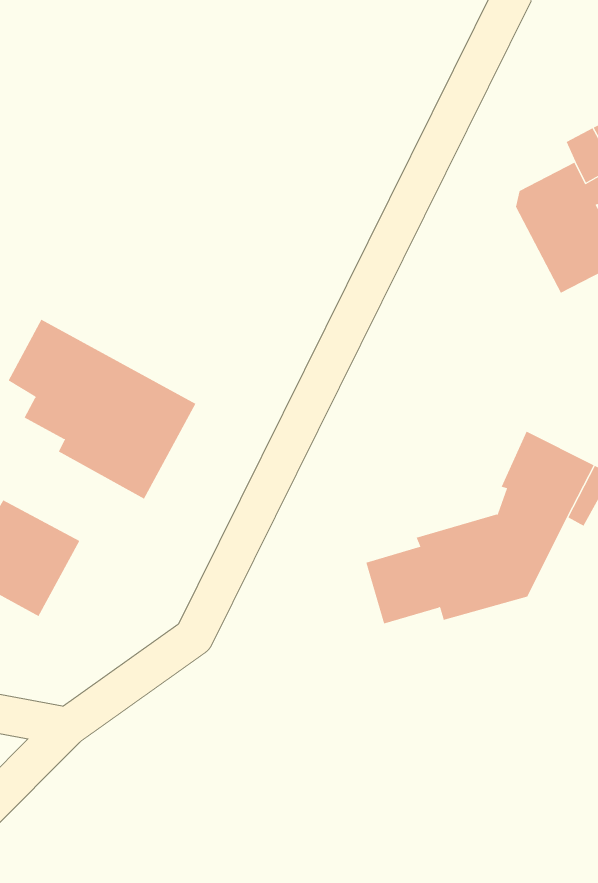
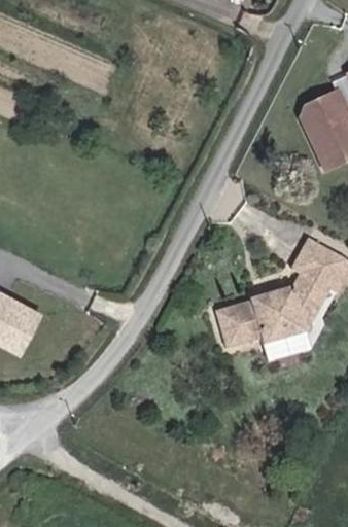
building: [8,319,196,500] -> none

